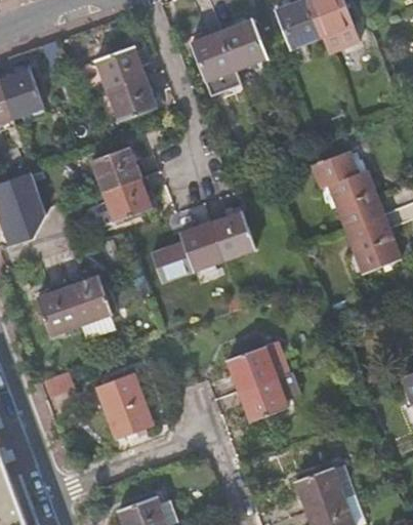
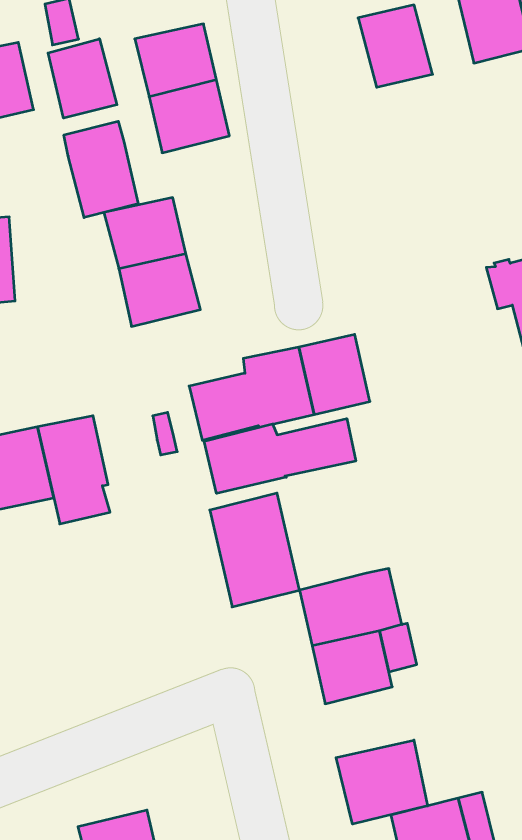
building: [190,32,236,82] -> none
building: none -> [48,39,117,118]
building: none -> [64,121,138,218]
building: none -> [204,419,356,493]
building: [96,372,153,440] -> [210,493,299,607]
building: none -> [336,740,428,824]

